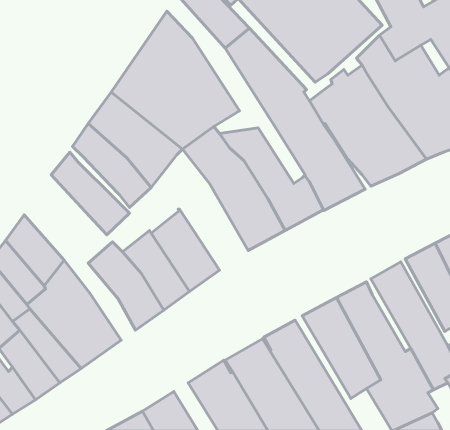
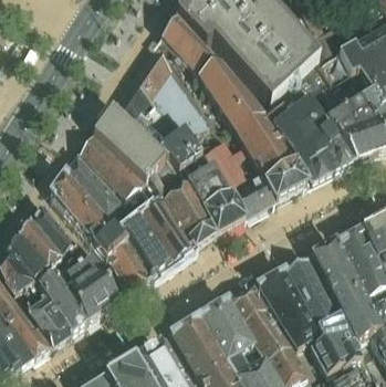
building: none -> [140,154,216,248]
building: none -> [49,174,111,242]

